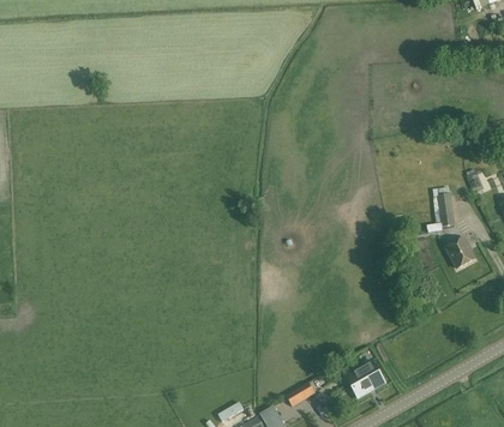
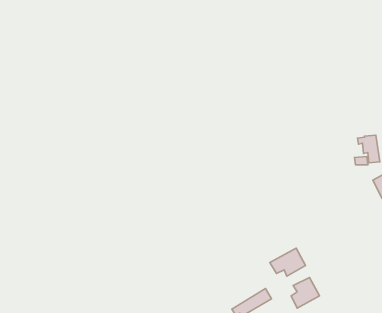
building: none -> [270,248,305,276]

